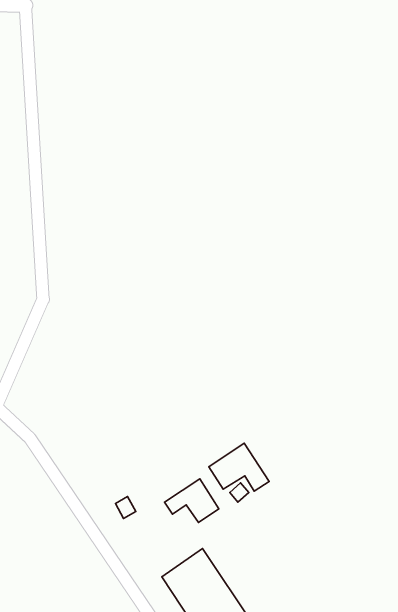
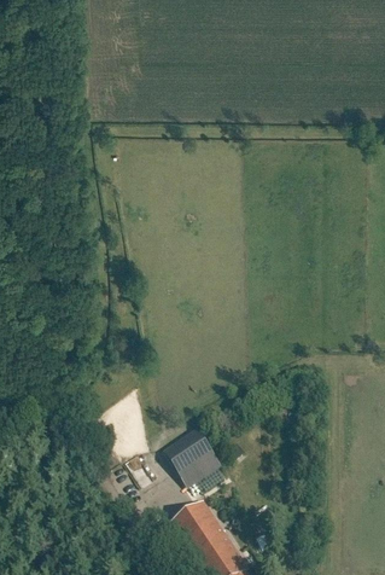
building: [209,443,269,491] -> none

